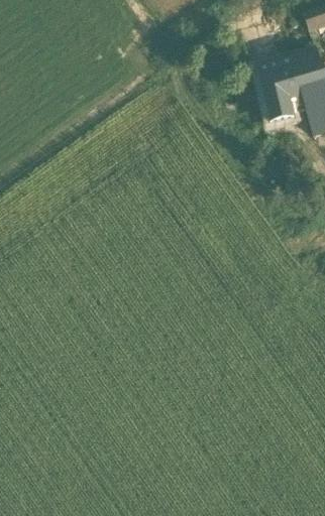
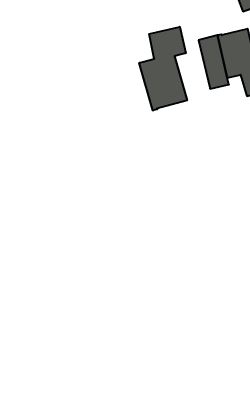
building: none -> [139,27,187,111]

